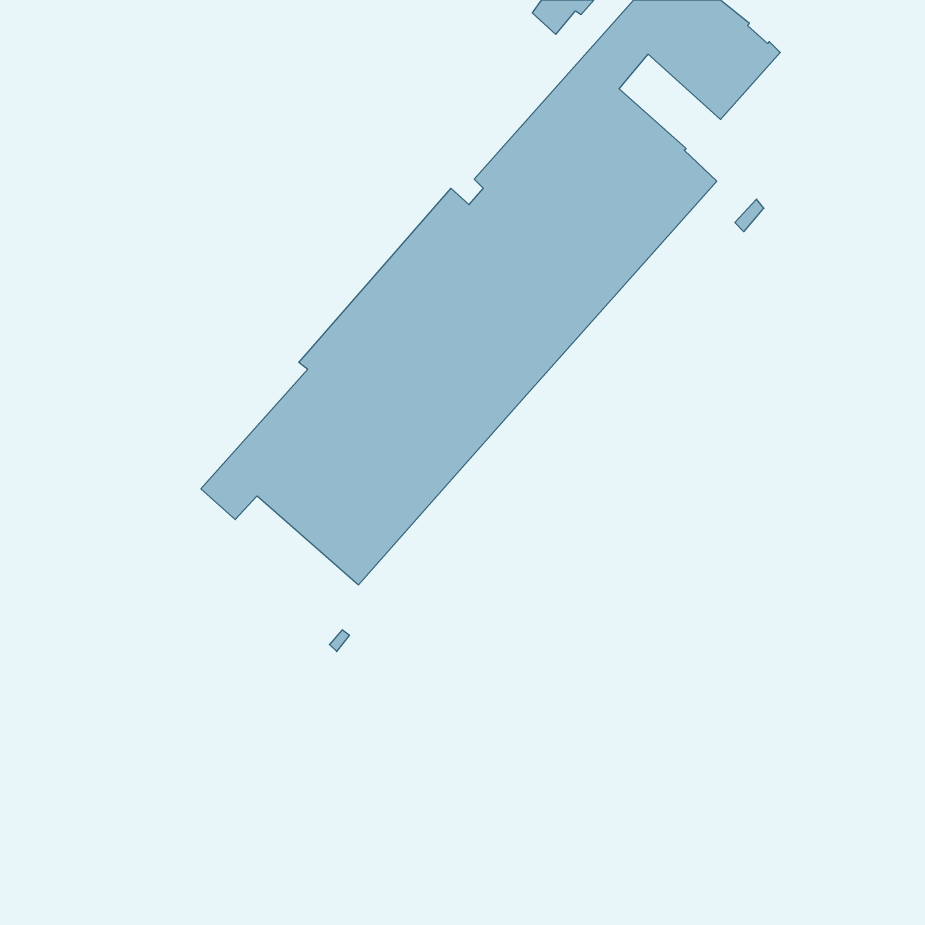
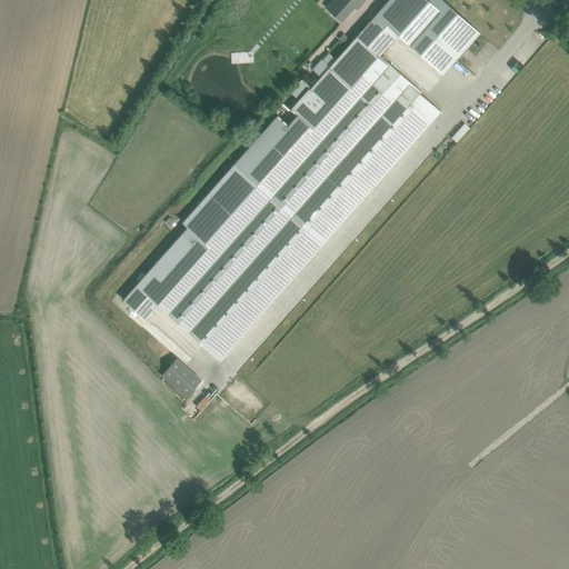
building: none -> [160,357,201,397]

